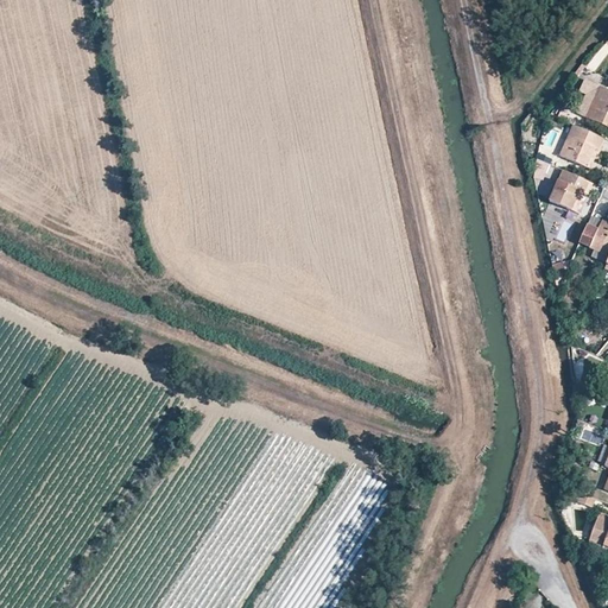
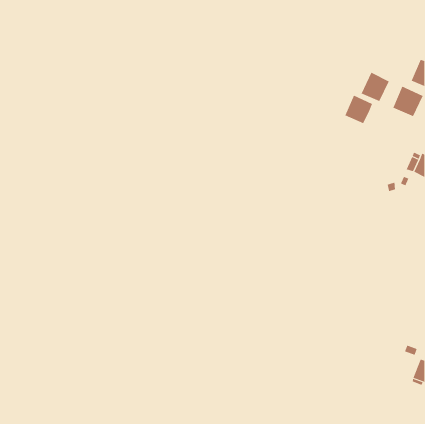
building: none -> [361,72,389,102]
building: [549,167,589,209] -> [344,95,373,124]

